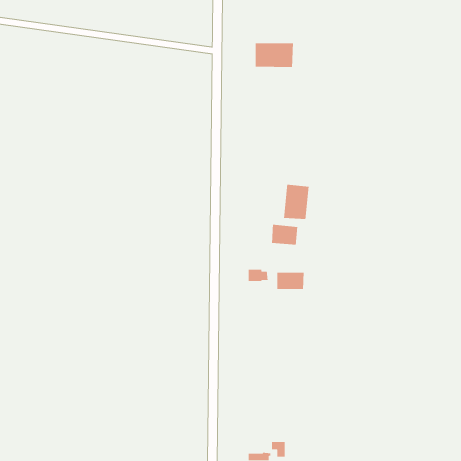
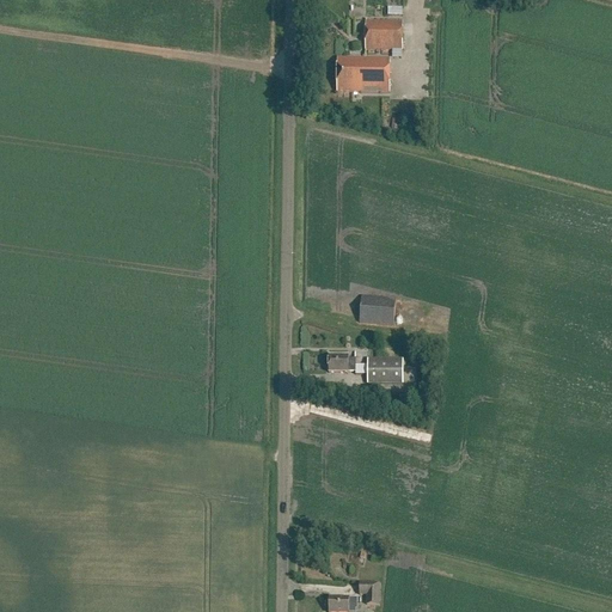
building: none -> [365,18,402,47]
building: [283,184,309,220] -> none

